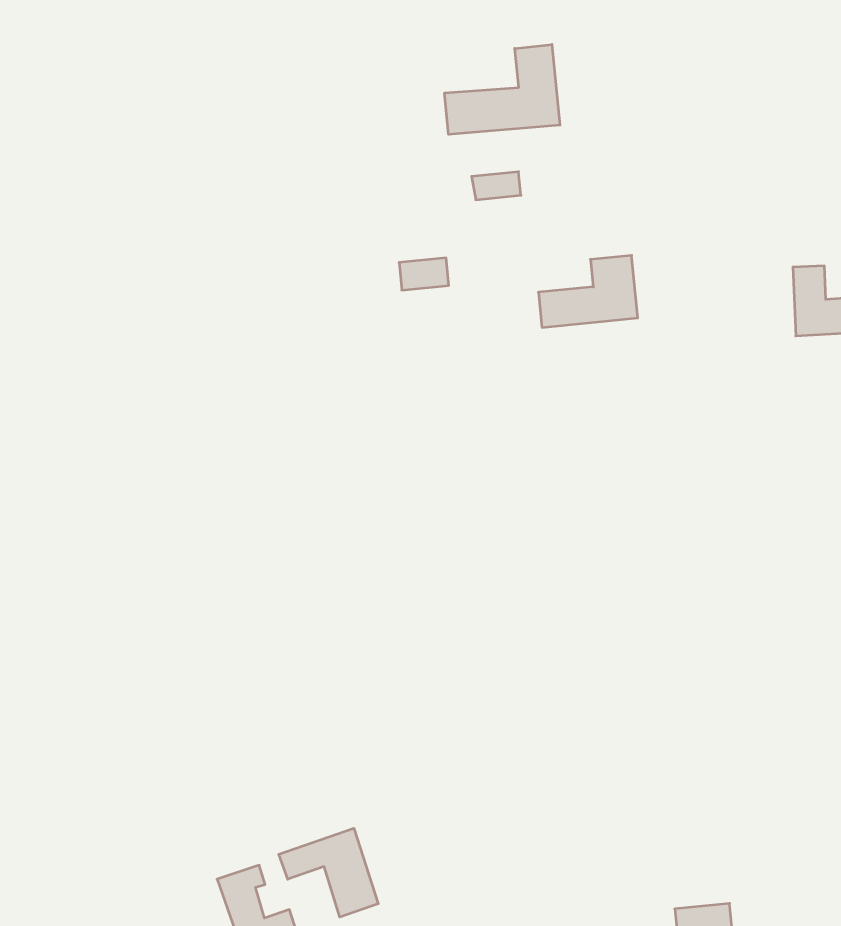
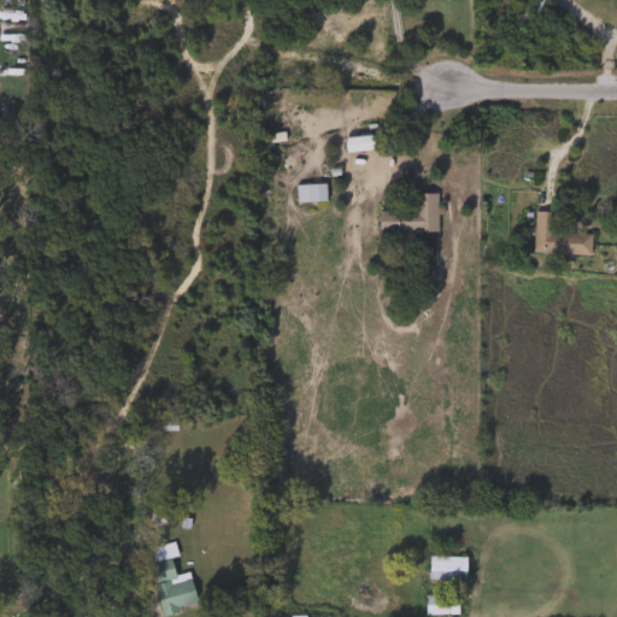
building: [445,44,560,134] -> none
building: [279,828,378,917] -> none
building: none -> [430,557,468,580]

